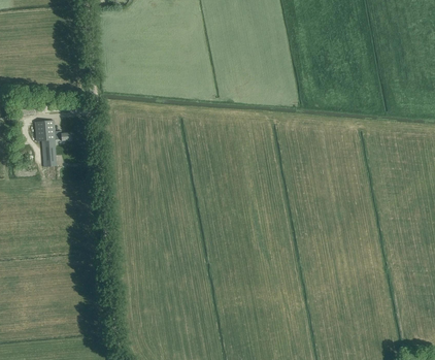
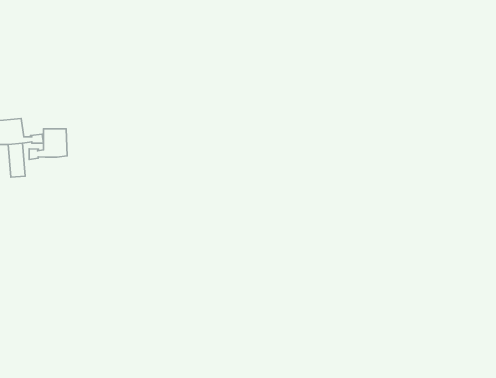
building: none -> [29,129,67,159]

